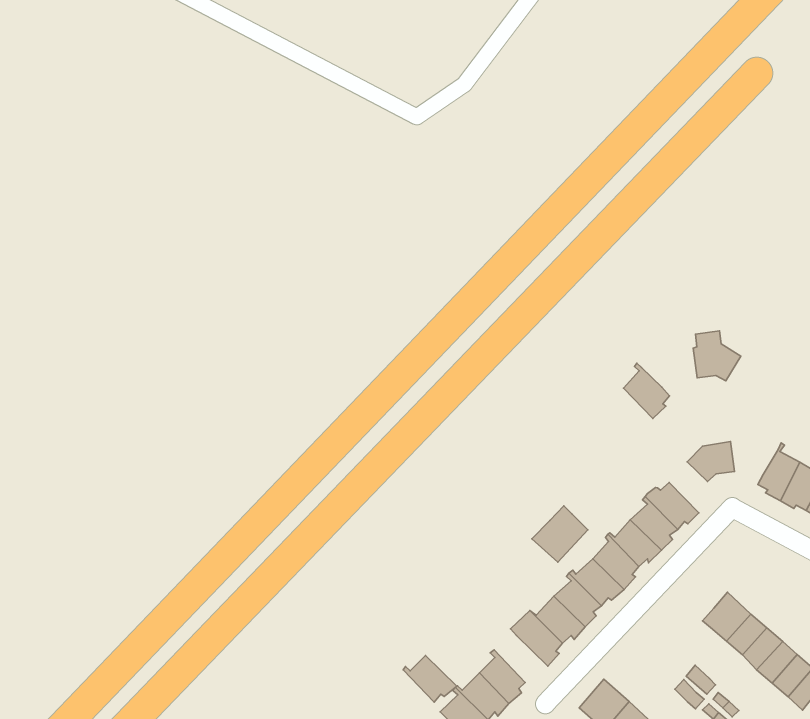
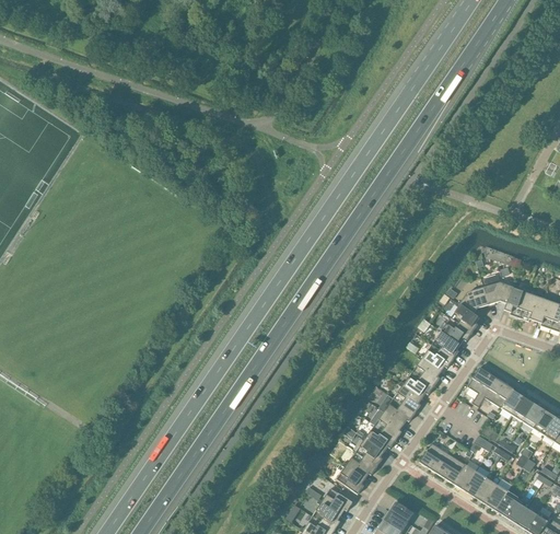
building: [693,331,741,381] -> [483,274,513,304]
building: [623,363,669,419] -> [451,301,479,333]
building: [532,506,588,562] -> none
building: none -> [467,367,497,406]
building: [403,655,457,702] -> [362,425,396,452]

